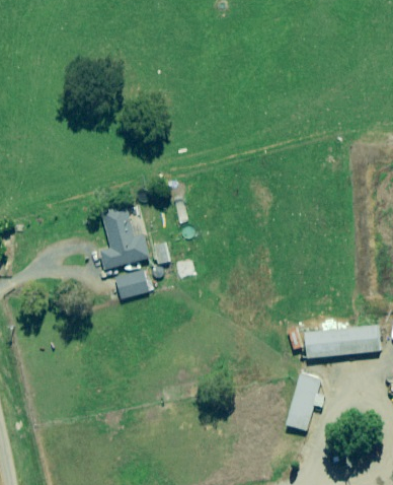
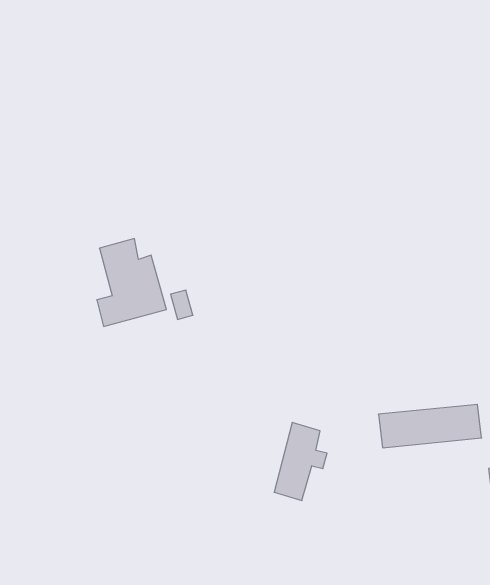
building: [115,271,153,298] -> none
building: [286,373,324,430] -> [274,422,327,501]

